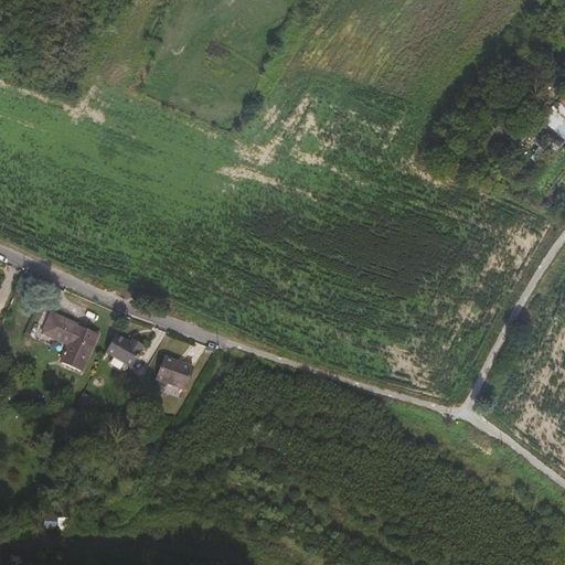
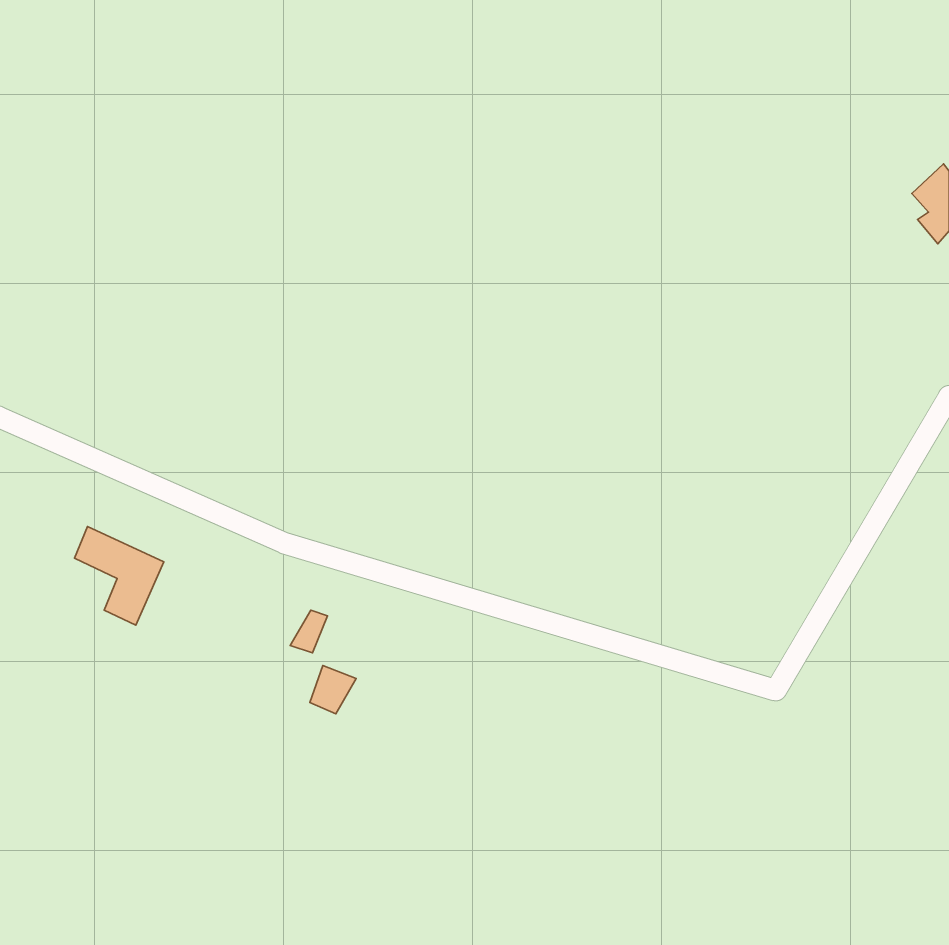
building: [106,333,145,366] -> none
building: [157,354,184,383] -> [310,665,356,714]

